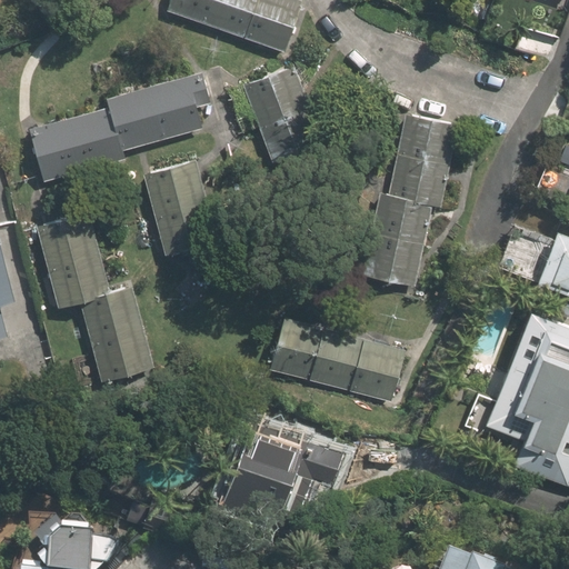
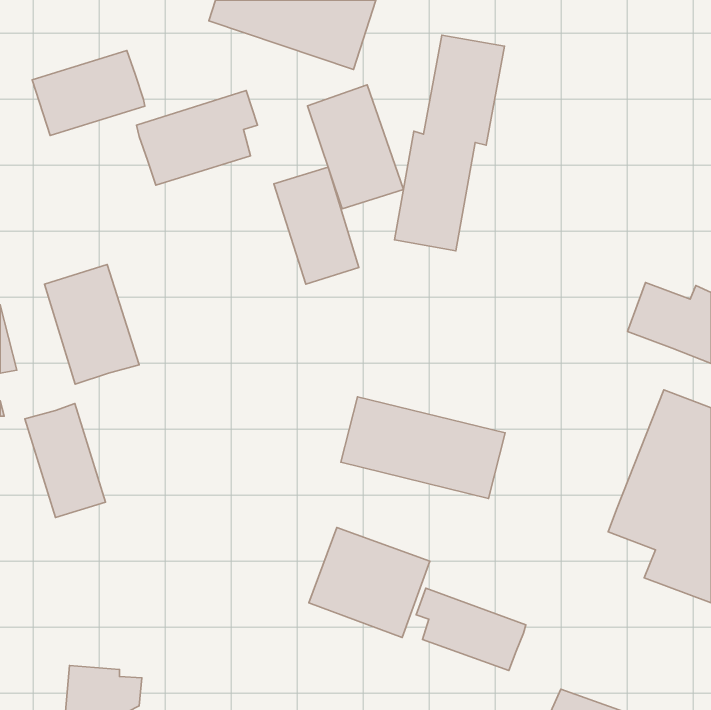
building: [36,110,126,178] -> [32,51,145,136]
building: [366,117,453,289] -> [394,35,504,251]
building: [144,161,212,254] -> [274,167,359,284]
building: [87,287,151,378] -> [25,403,106,518]
building: none -> [416,588,526,670]

